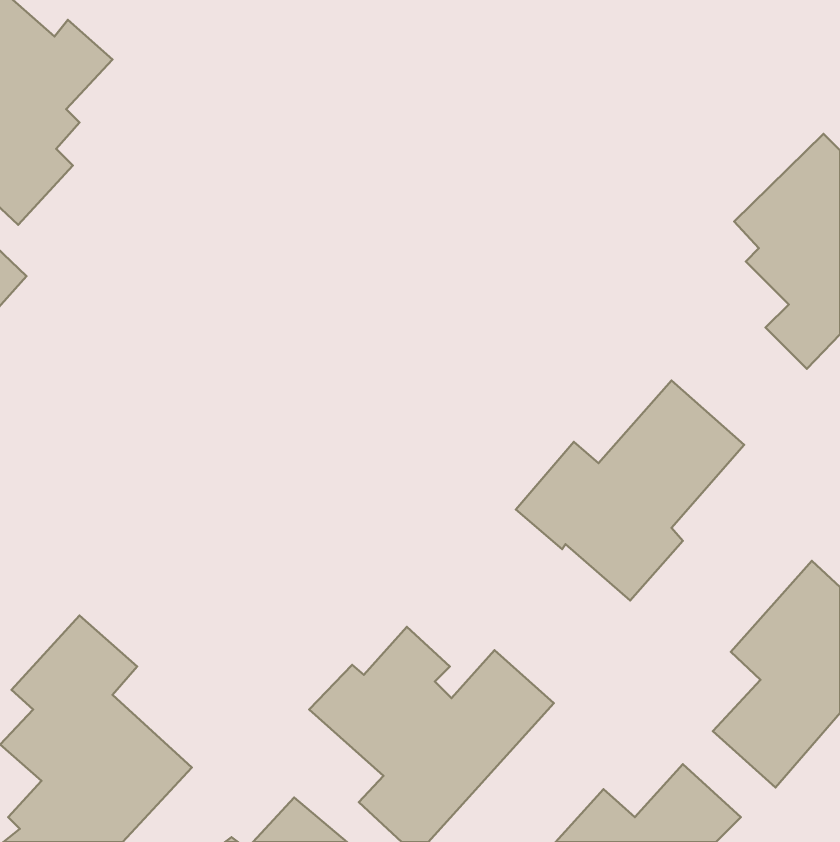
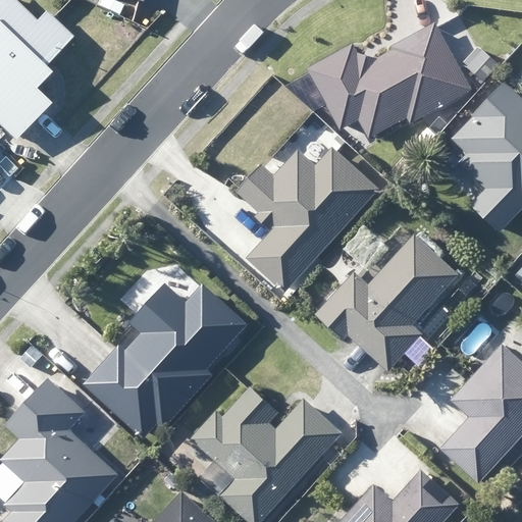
building: none -> [310,22,471,132]
building: none -> [233,150,378,292]
building: none -> [85,286,244,442]

